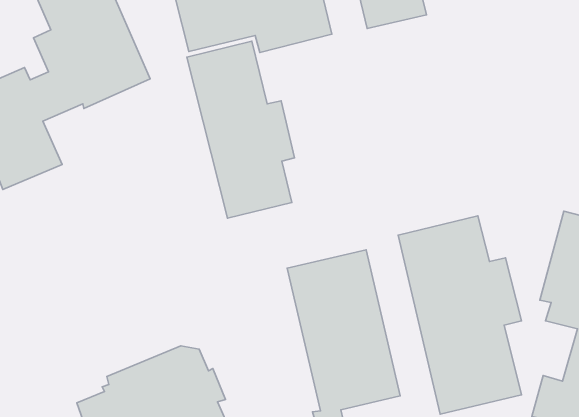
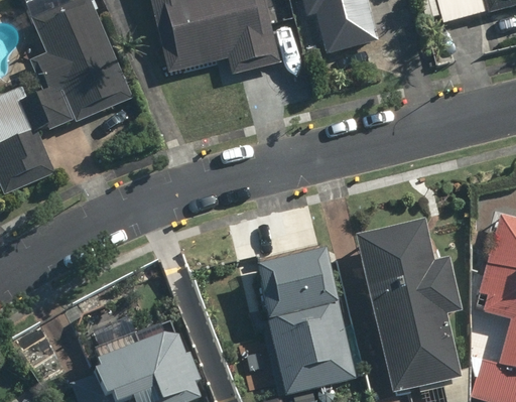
building: [187,41,295,218] -> none

